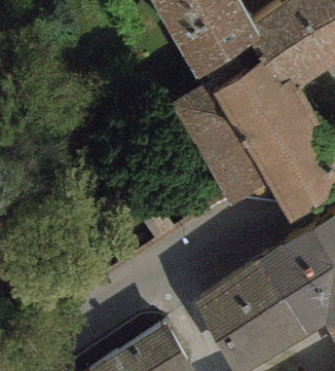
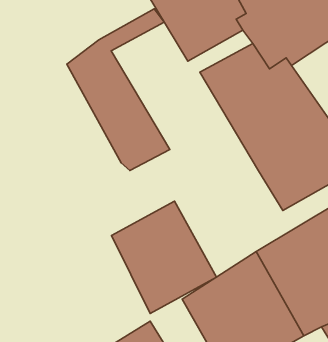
building: [170,53,265,203] -> [67,9,170,170]
building: none -> [112,201,216,314]

